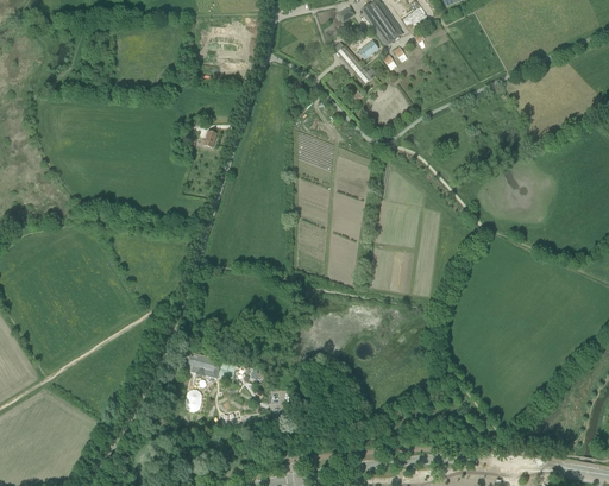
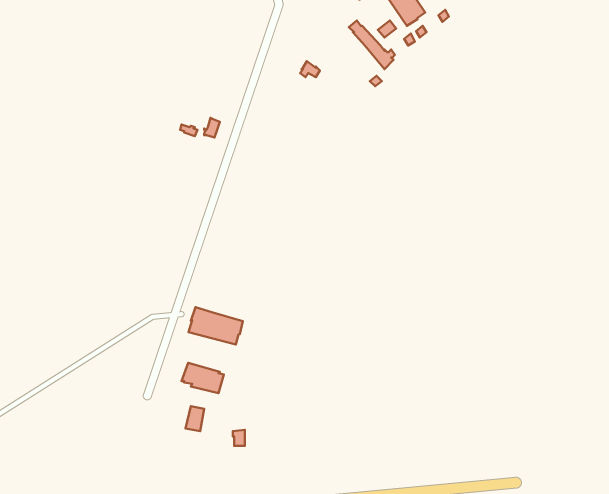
building: none -> [189,307,243,345]

